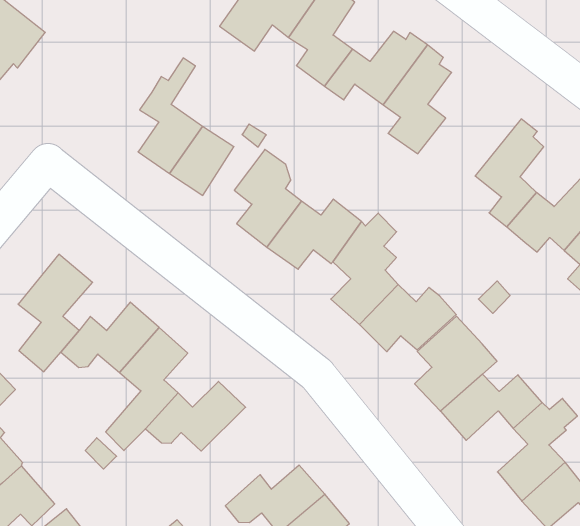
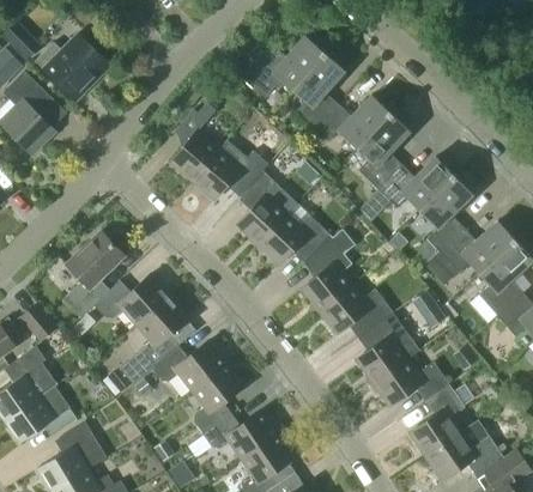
building: none -> [377,157,458,211]
building: none -> [189,363,243,435]

